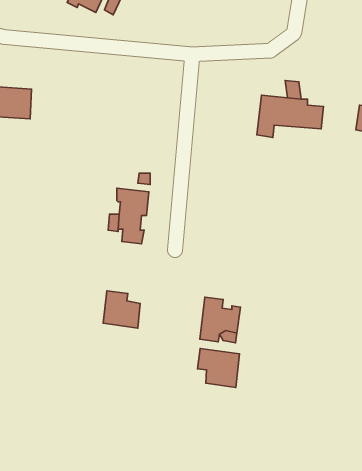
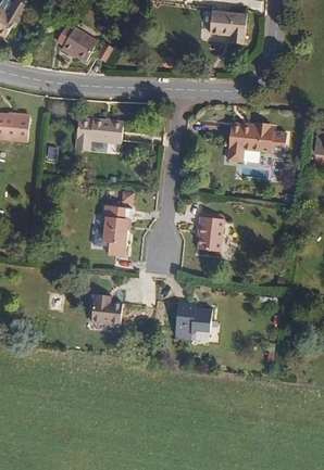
building: none -> [76,119,123,150]
building: none -> [197,220,223,255]
building: [197,348,239,388] -> none

